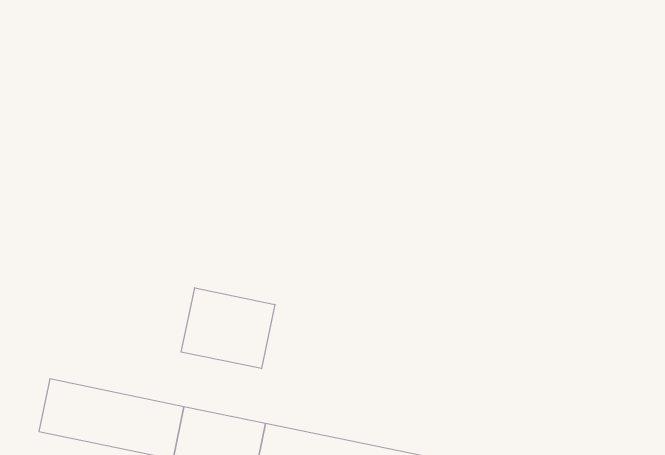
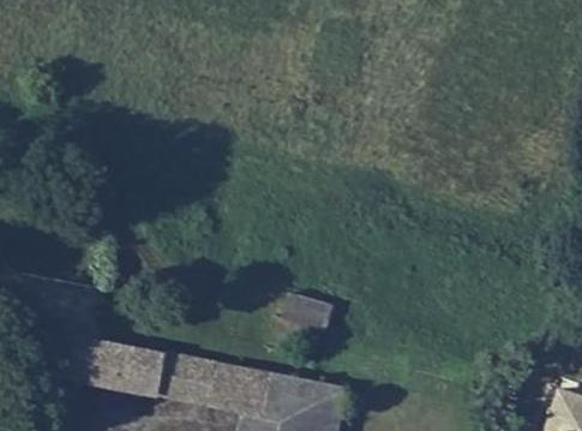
building: [181,288,275,369] -> none
building: none -> [283,294,335,331]

